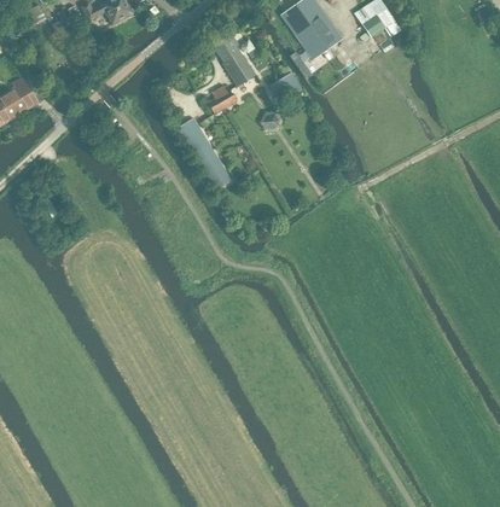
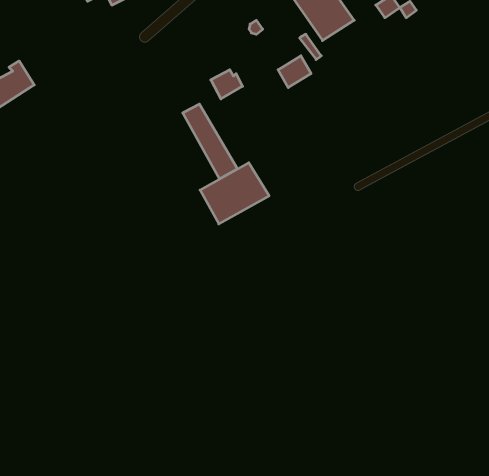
building: [211,34,254,86] -> none
building: none -> [200,163,269,224]

